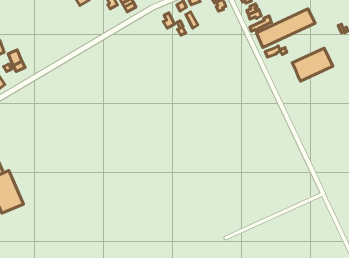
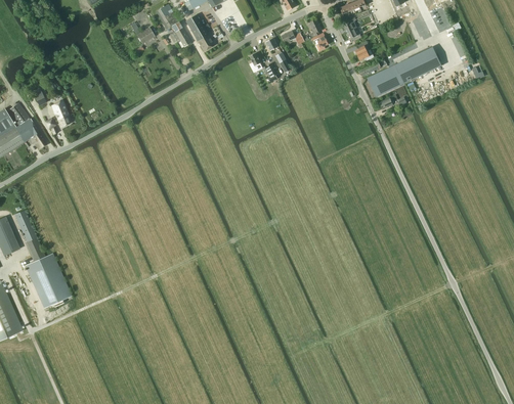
building: [292,48,333,81] -> none

